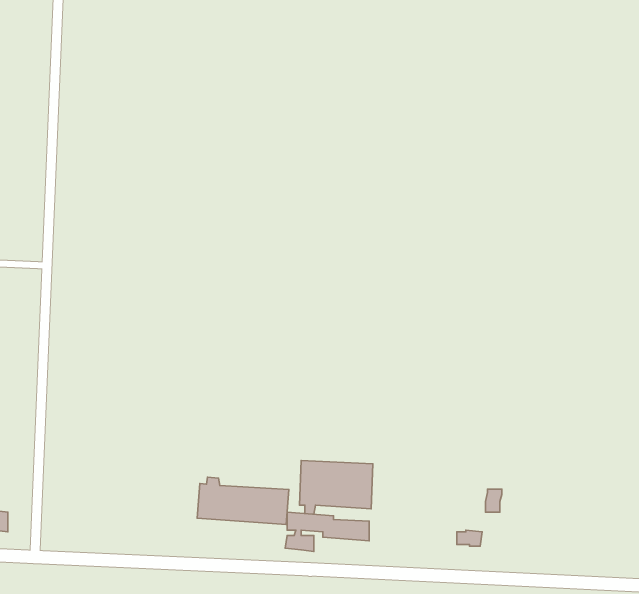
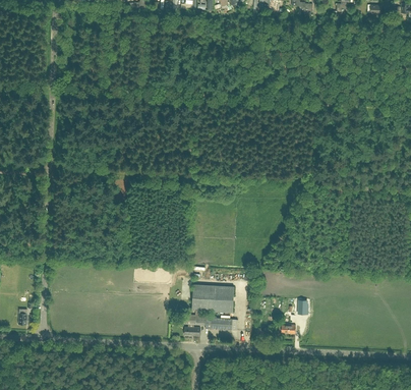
building: [197,477,289,525] -> none

